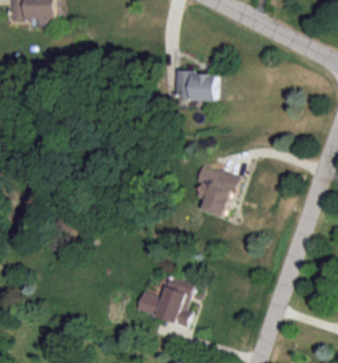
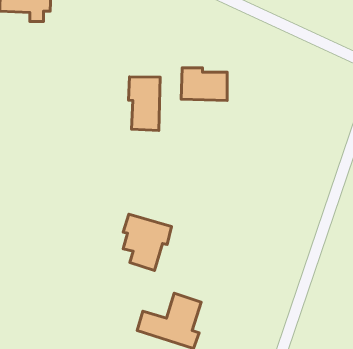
building: none -> [128,77,160,130]
building: [195,166,239,217] -> [123,214,172,270]

